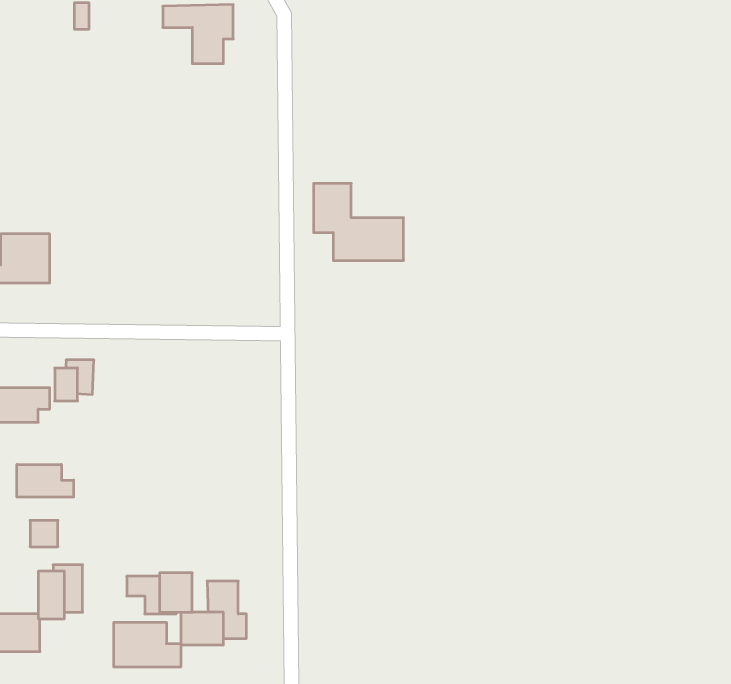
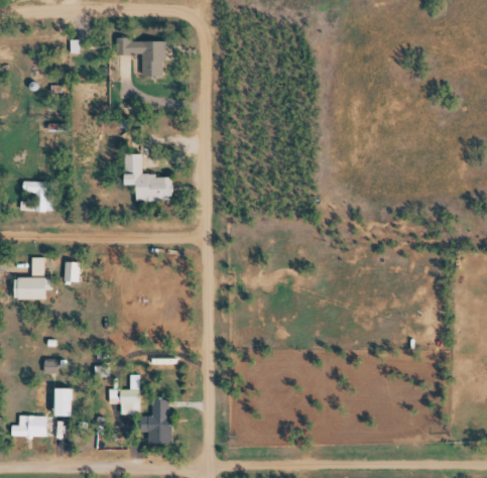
building: [314,183,404,260] -> [124,153,179,201]
building: [17,464,74,497] -> none
building: [114,622,181,667] -> none

